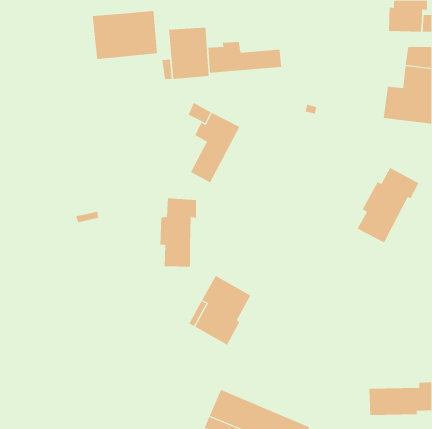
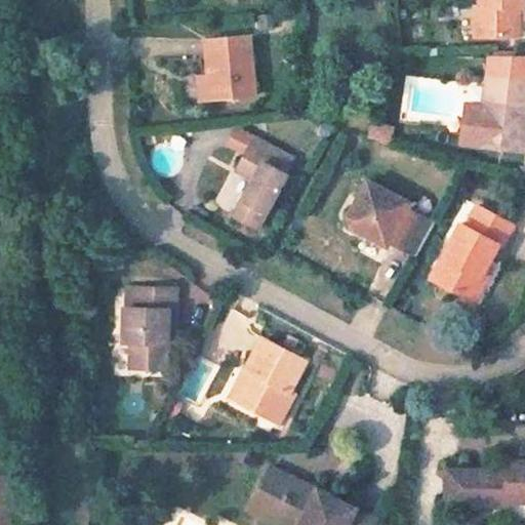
building: [92,10,157,60] -> none
building: [208,41,282,74] -> none
building: none -> [341,184,433,259]
building: [159,198,197,267] -> [124,288,169,372]

